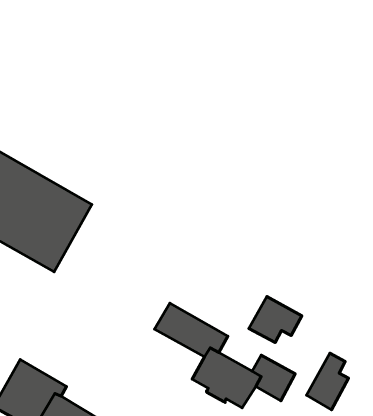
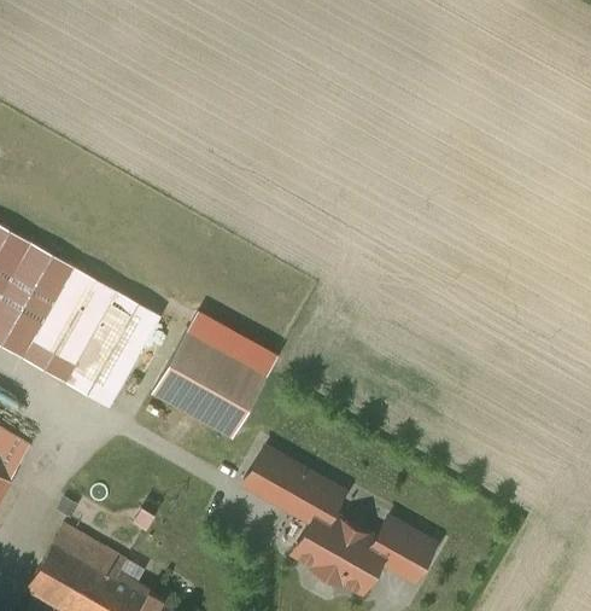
building: none -> [153,309,280,438]
building: [249,297,302,342] -> none
building: [306,353,349,410] -> none

